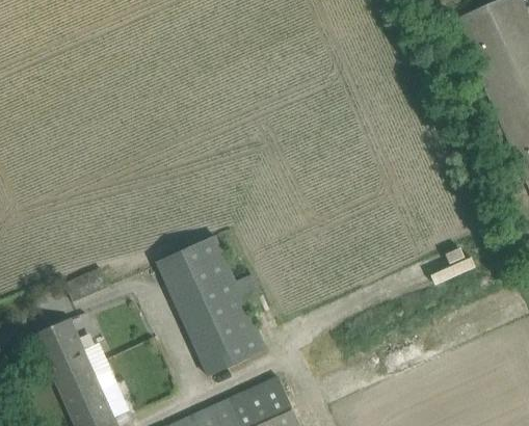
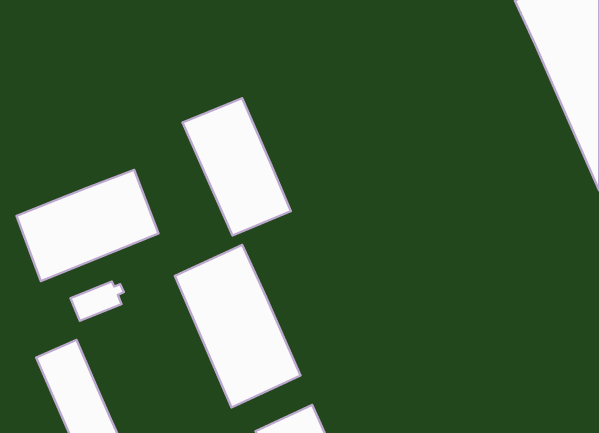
building: none -> [183,98,291,236]
building: none -> [16,170,159,281]

